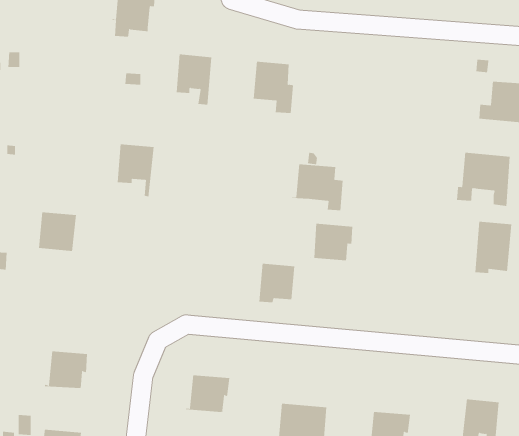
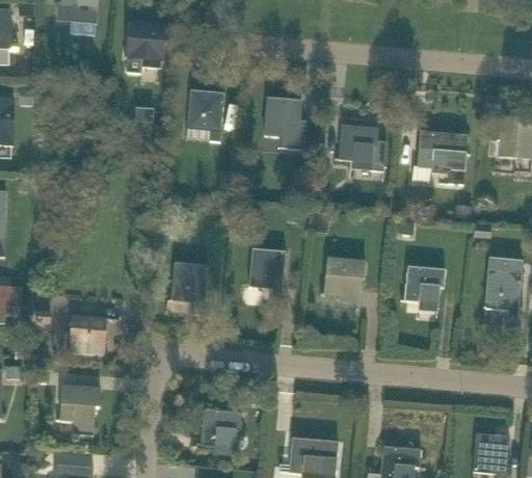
building: [117,144,154,197] -> [170,261,208,314]
building: [456,152,510,207] -> [413,130,467,184]
building: [291,164,343,211] -> [334,124,385,170]
building: [38,212,77,251] -> [69,314,107,353]
building: none -> [400,264,445,315]
building: [259,263,295,303] -> [248,247,285,287]

